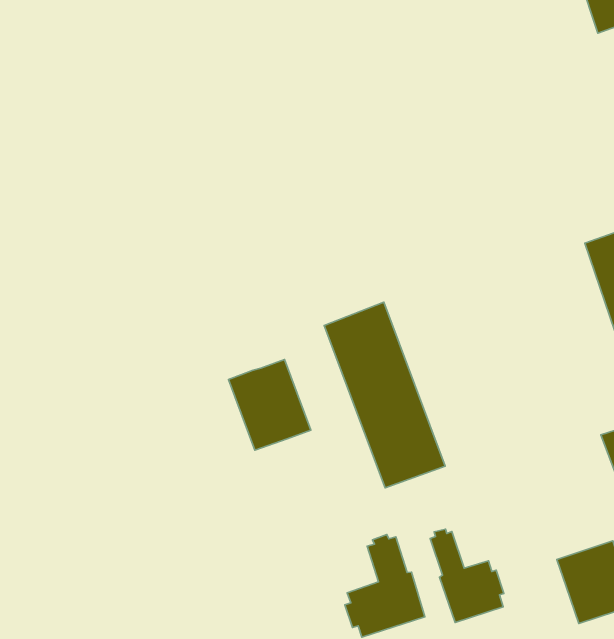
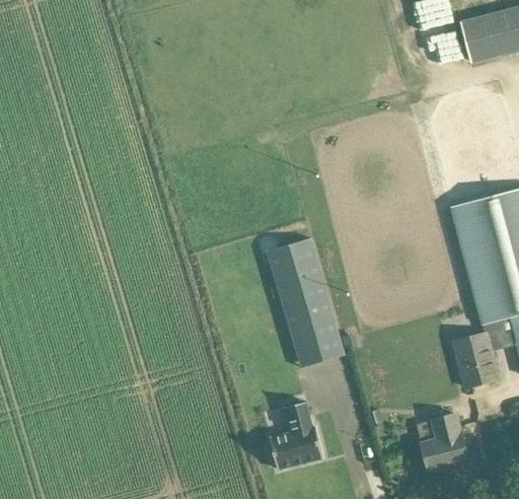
building: [228,360,311,450] -> none
building: [430,529,504,622] -> none

